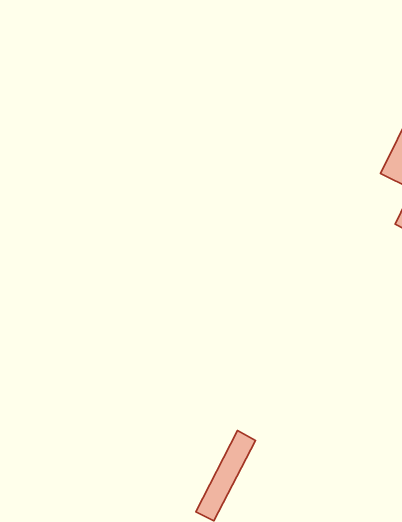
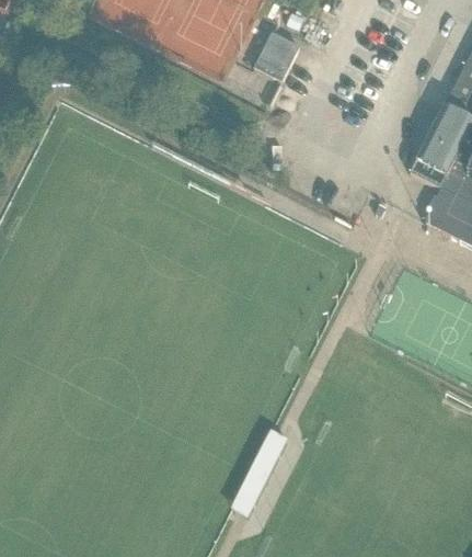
building: none -> [254,32,299,81]

